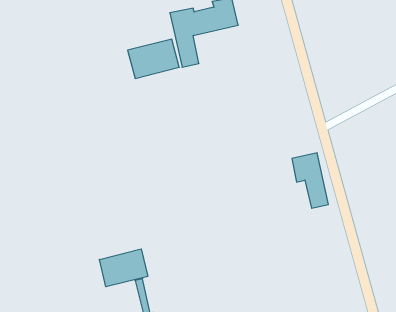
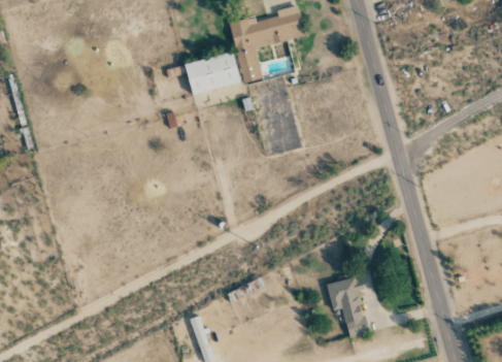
building: [292,153,328,208] -> [328,277,368,338]
building: [99,249,148,287] -> none

